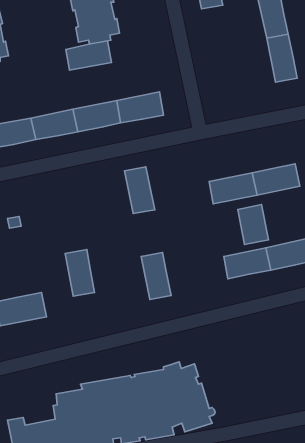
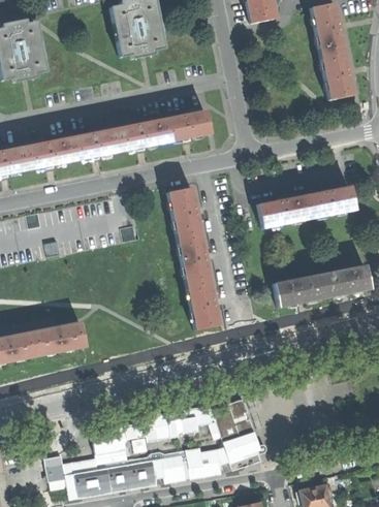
building: [66,41,111,70] -> none
building: [238,204,269,244] -> none
building: [65,250,95,296] -> [179,233,210,283]

